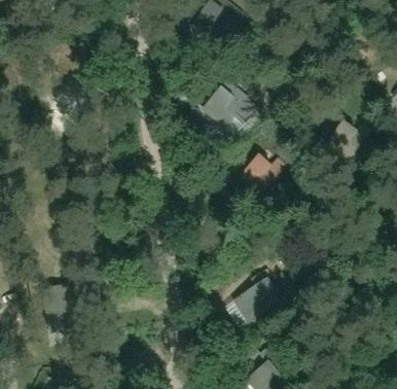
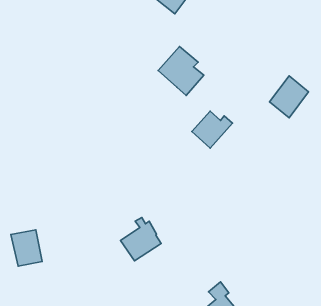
building: [232,276,278,324] -> [120,217,161,261]

